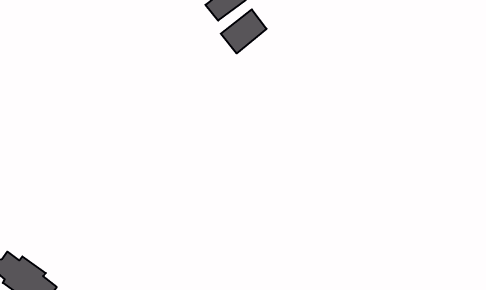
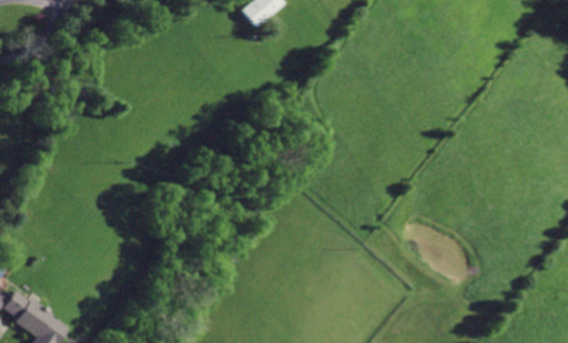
building: [221,9,267,53] -> none

